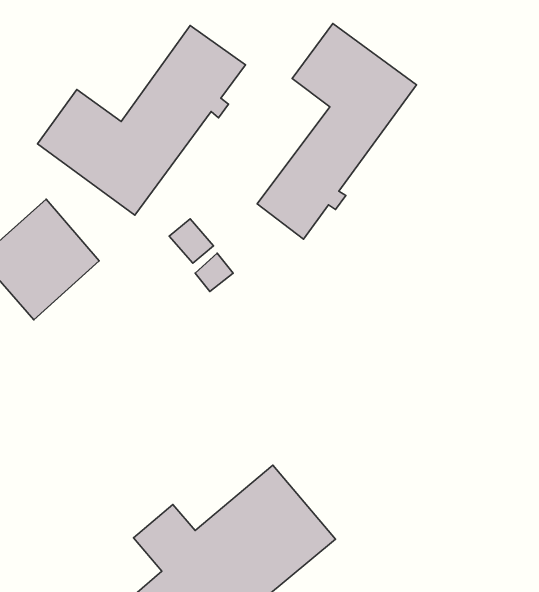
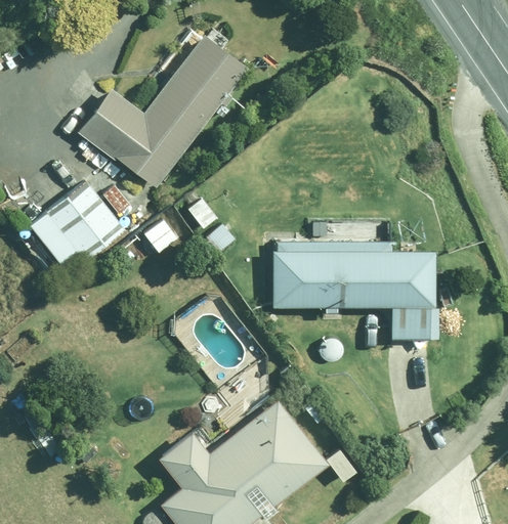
building: [257,23,416,239] -> none
building: none -> [270,235,436,342]

